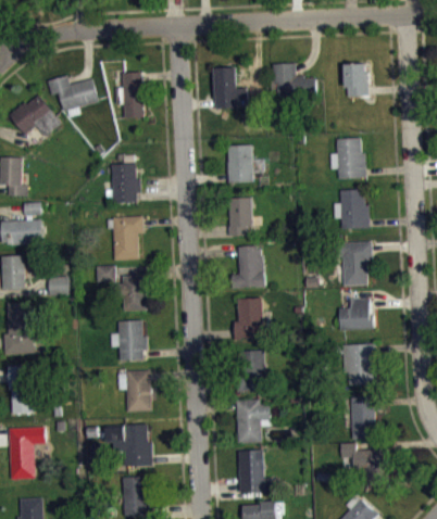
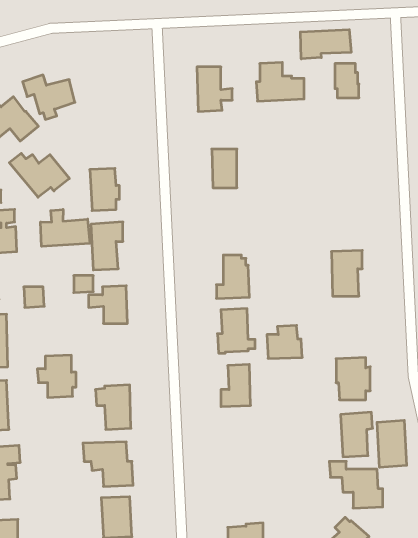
building: none -> [300,30,351,59]
building: [115,72,143,117] -> none
building: [329,137,365,178] -> none
building: none -> [9,153,69,197]
building: [333,189,369,228] -> none
building: [227,197,251,236] -> none
building: none -> [41,209,90,246]
building: [339,299,373,330] -> [267,325,302,358]
building: [109,319,146,359] -> [37,355,76,397]
building: [235,398,270,443] -> none
building: none -> [377,420,407,467]
building: [238,451,272,492] -> none

